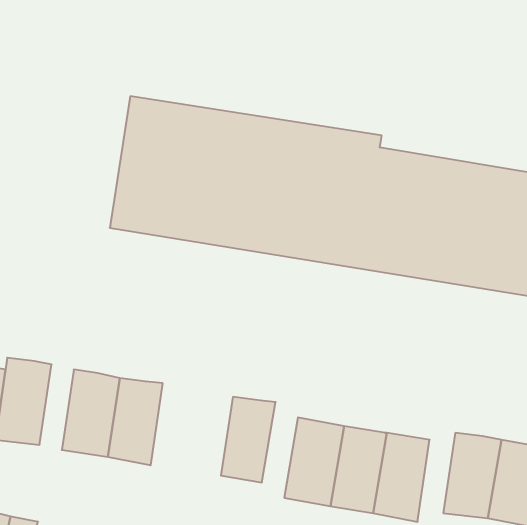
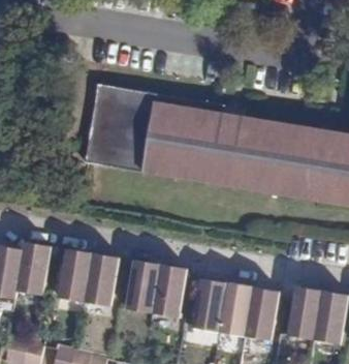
building: none -> [124,261,160,313]

